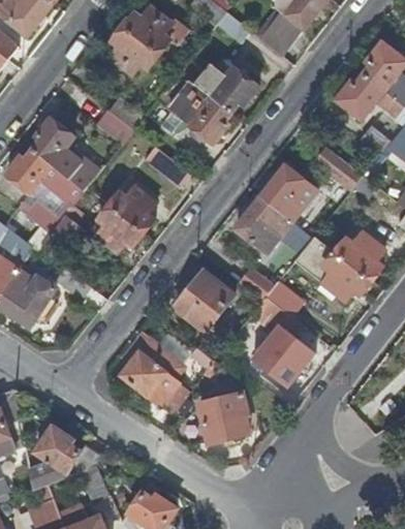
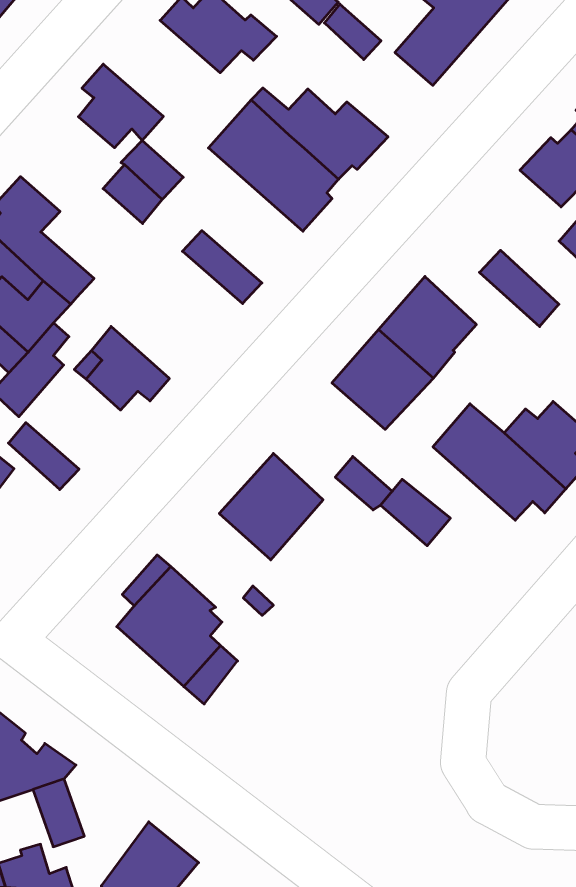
building: [112,26,160,73] -> [78,64,163,148]
building: [106,178,155,230] -> none
building: [248,320,314,386] -> none
building: [198,392,249,441] -> none

